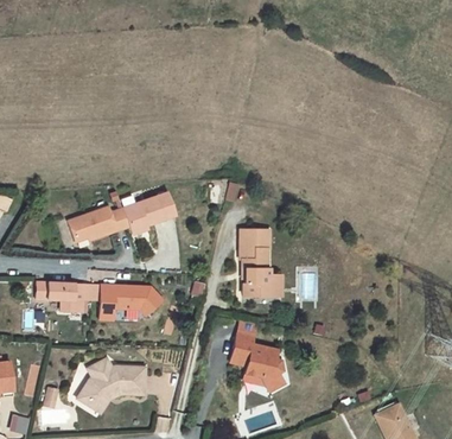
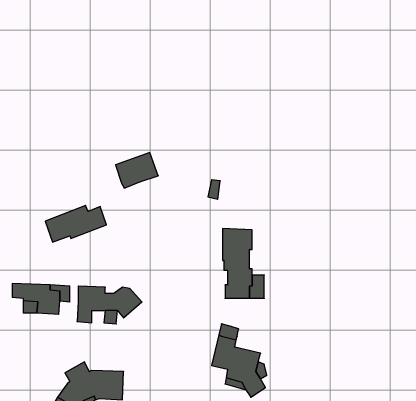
building: [122,195,164,229] -> [116,153,158,188]

